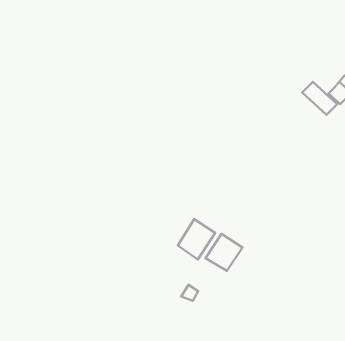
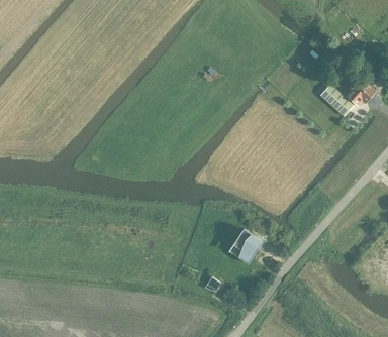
building: [178,219,215,260] -> none

